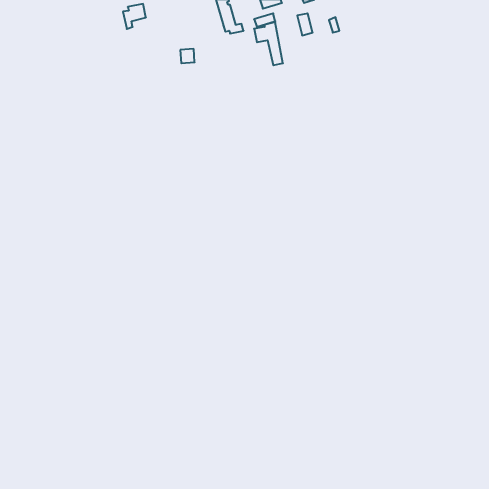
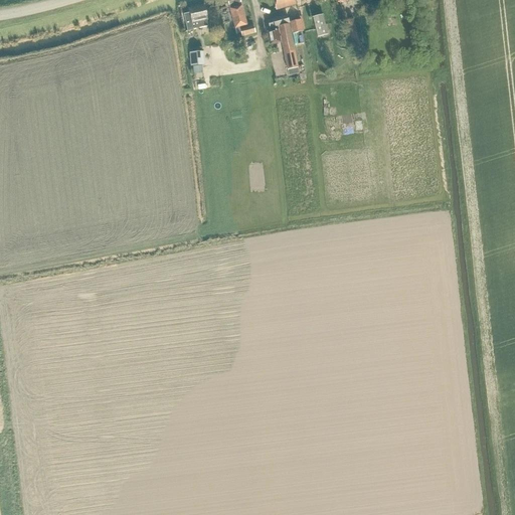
building: [123,4,146,29] -> [184,5,208,31]

